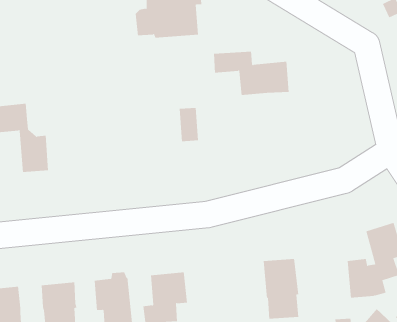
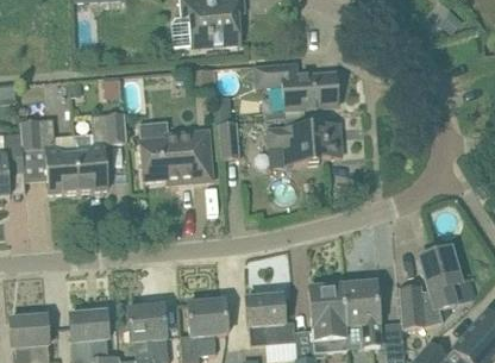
building: none -> [75,111,127,189]
building: none -> [139,121,213,182]
building: none -> [268,121,342,164]
building: none -> [344,281,380,346]
building: none -> [246,294,295,344]

